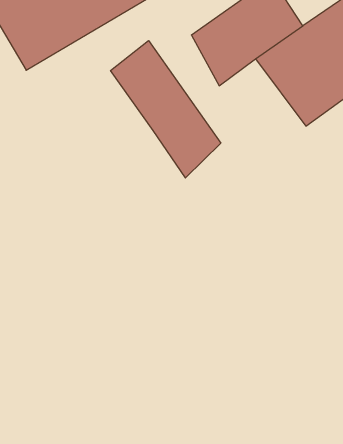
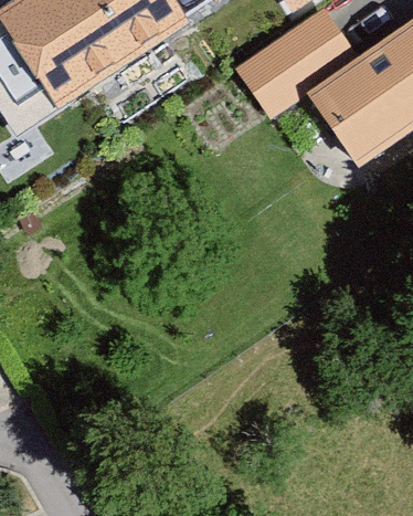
building: [111,41,221,178] -> none

